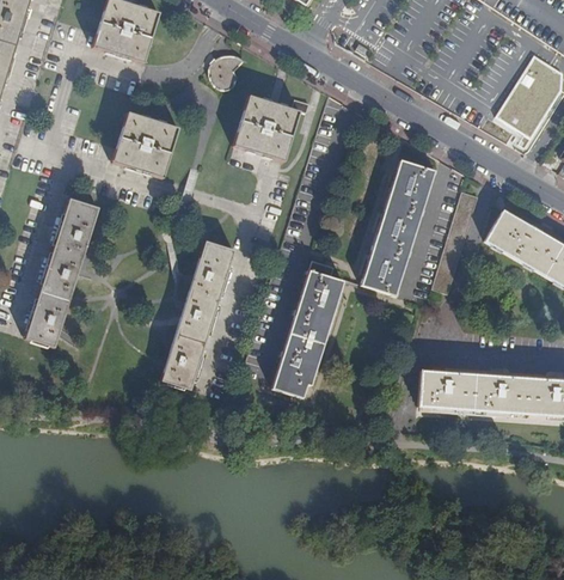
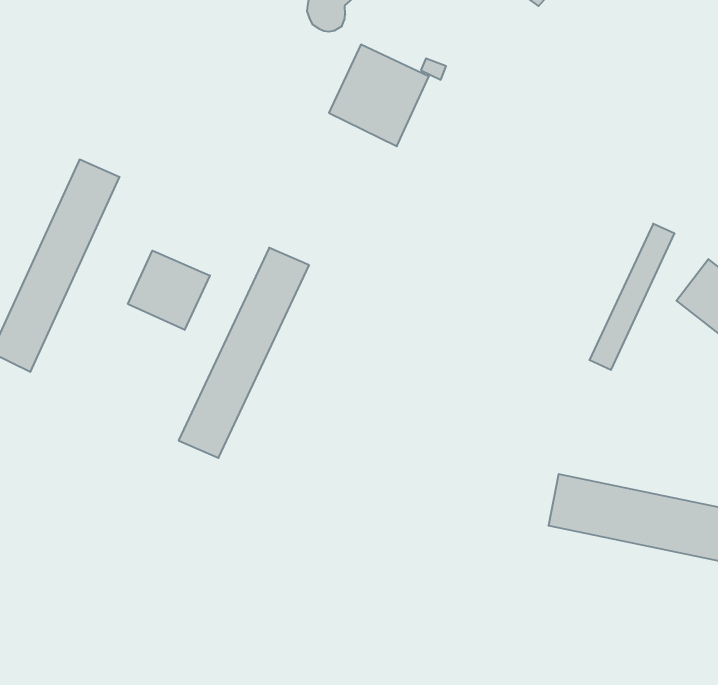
building: [112,112,178,178] -> none
building: [362,160,437,297] -> none
building: none -> [128,251,210,330]
building: [274,260,344,395] -> none

